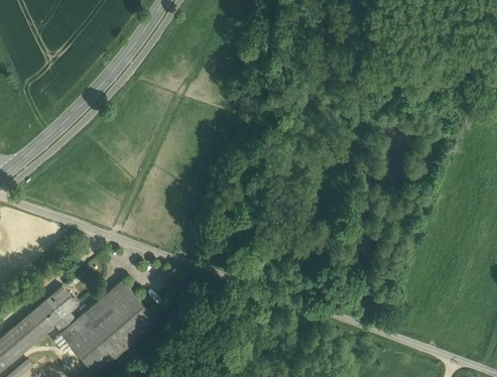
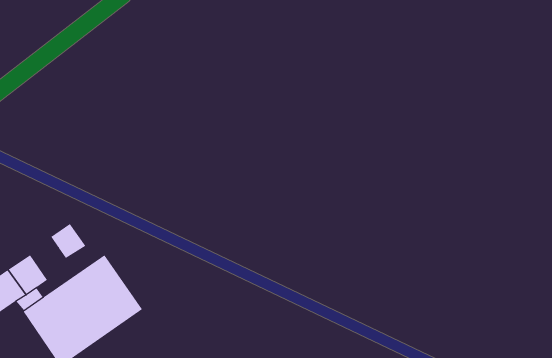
building: none -> [51,223,86,259]

